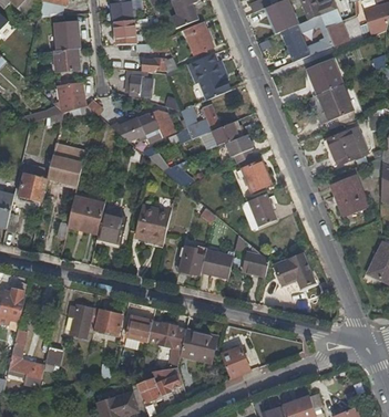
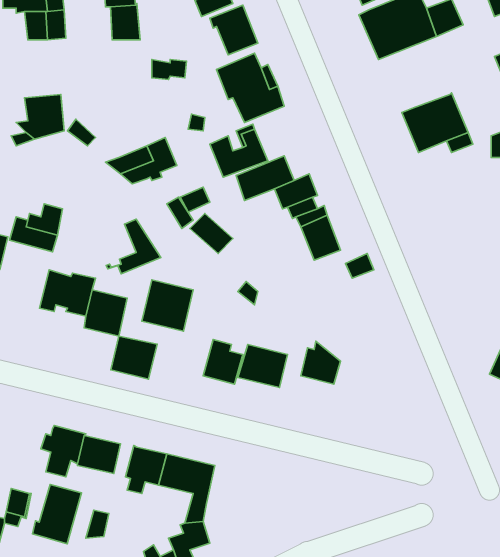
building: [54,50,81,73] -> none
building: [308,58,341,91] -> none
building: [127,75,153,100] -> none
building: [139,107,175,144] -> [106,219,161,274]
building: [328,125,367,161] -> none
building: [330,173,367,212] -> none
building: [247,195,275,227] -> none
building: none -> [111,336,157,379]
building: [273,253,314,288] -> none
building: [178,330,216,363] -> none
building: none -> [32,484,81,544]
building: [221,346,250,378] -> none

